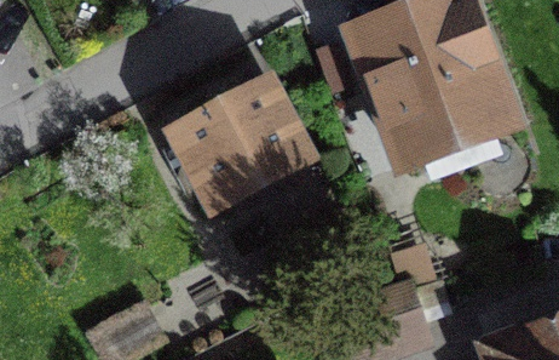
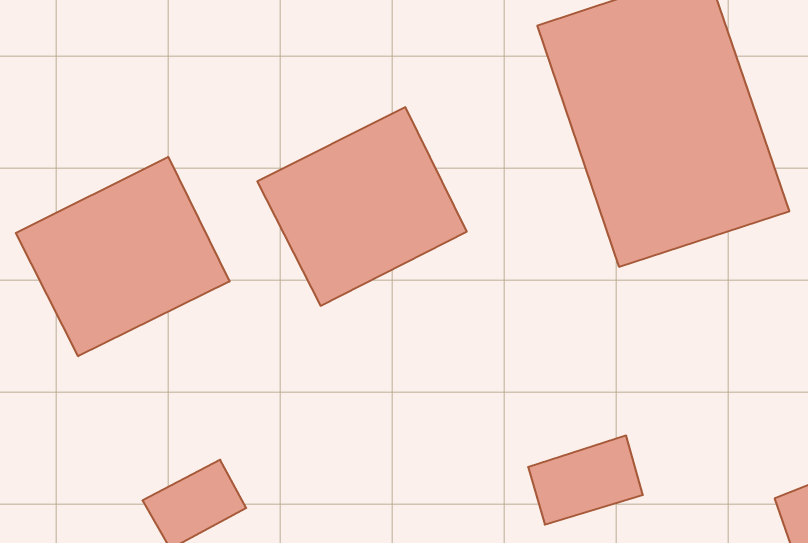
building: none -> [16,157,230,356]

